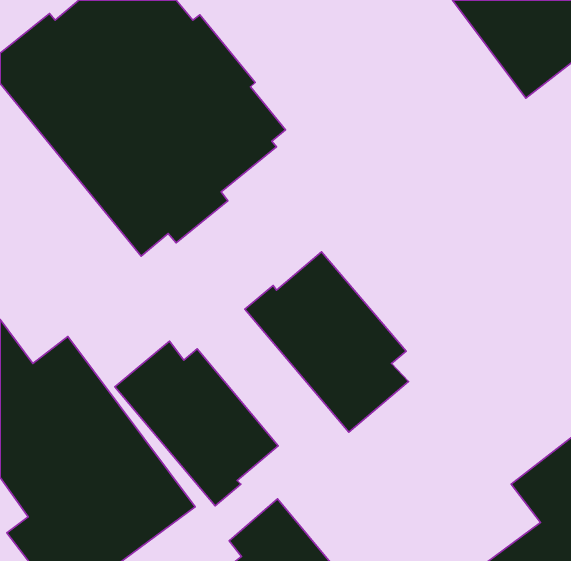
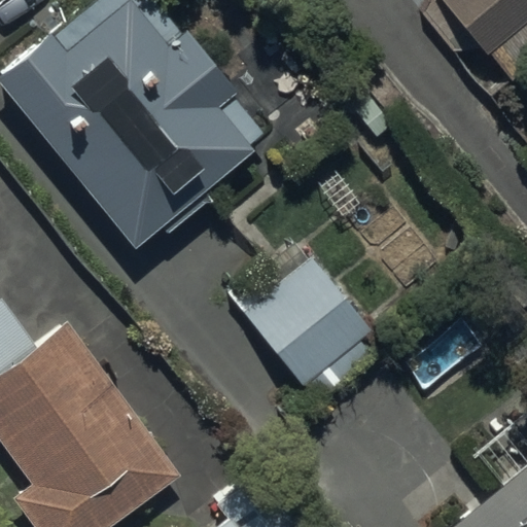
building: [115,341,278,506] -> none

